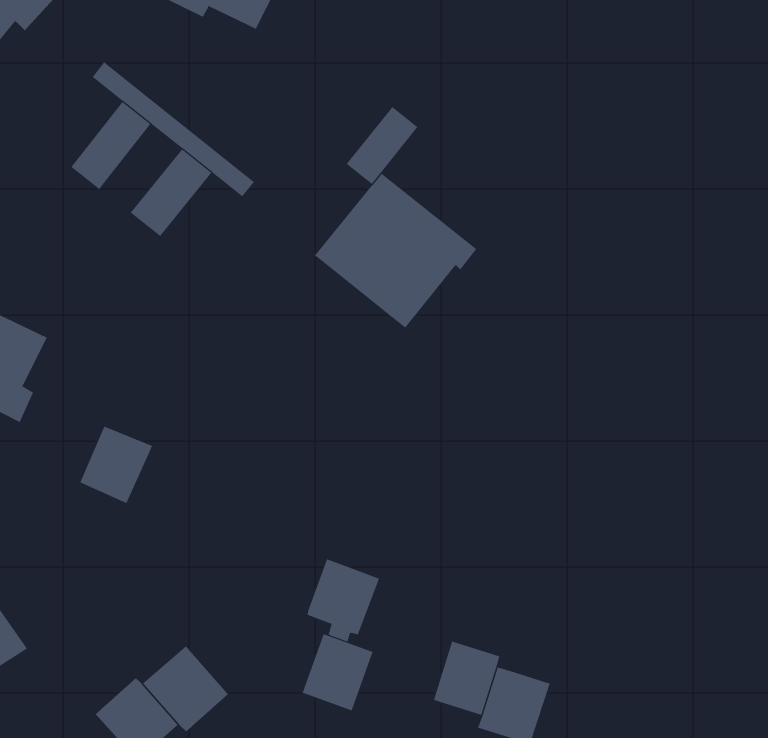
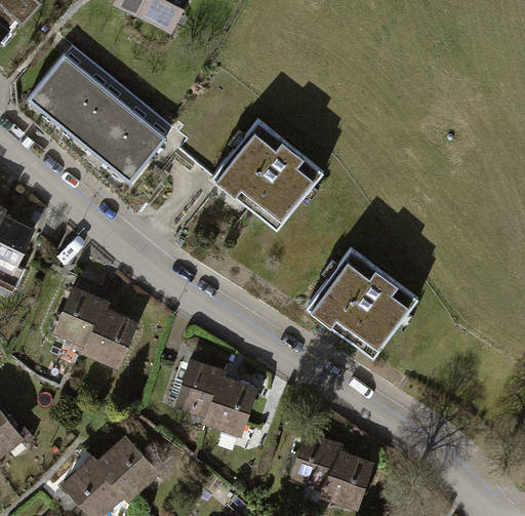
building: none -> [28,56,83,117]
building: [346,106,418,185] -> none
building: none -> [68,88,123,148]
building: none -> [109,121,164,182]
building: none -> [312,250,416,352]
building: none -> [84,312,134,363]
building: [302,633,373,711] -> [174,362,223,414]

